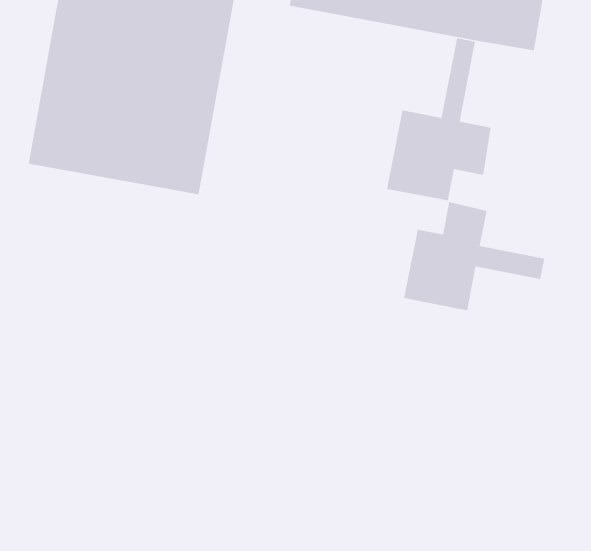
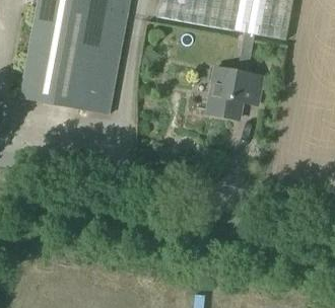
building: [403,201,545,311] -> none

